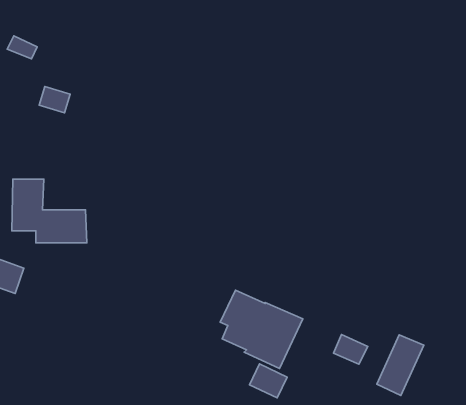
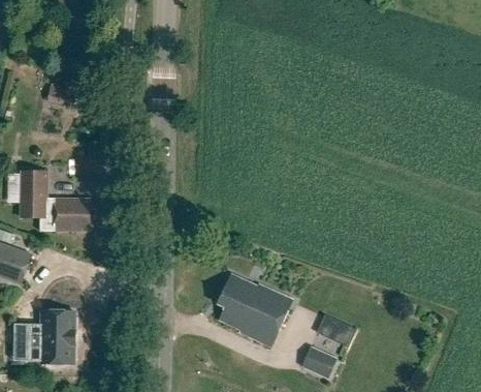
building: none -> [22,314,75,362]
building: [377,335,424,395] -> none
building: [250,364,287,398] -> [302,343,338,375]

